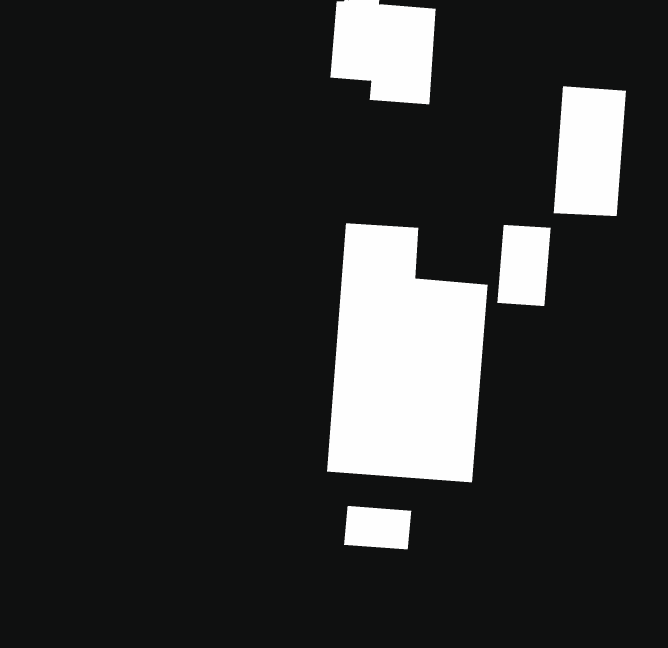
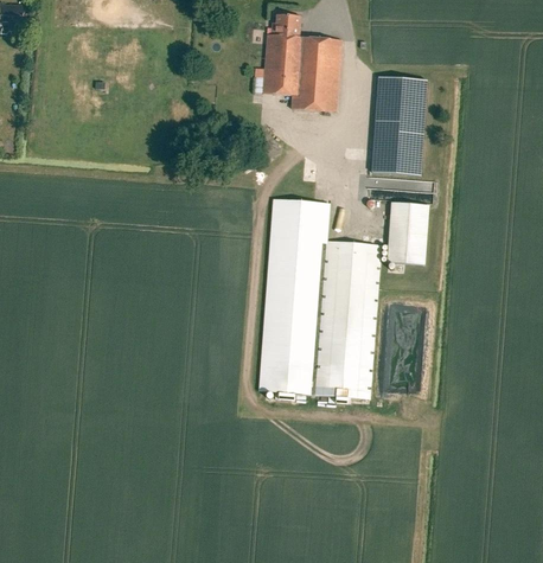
building: [553,86,627,217] -> [371,76,427,174]
building: [343,505,412,550] -> none

